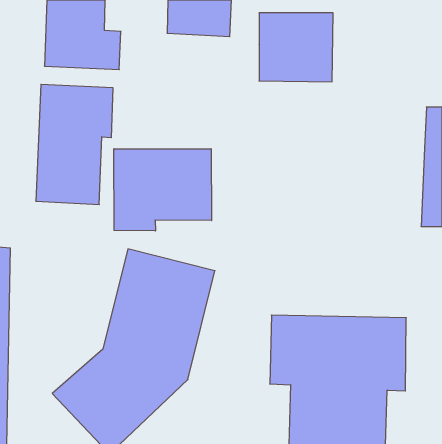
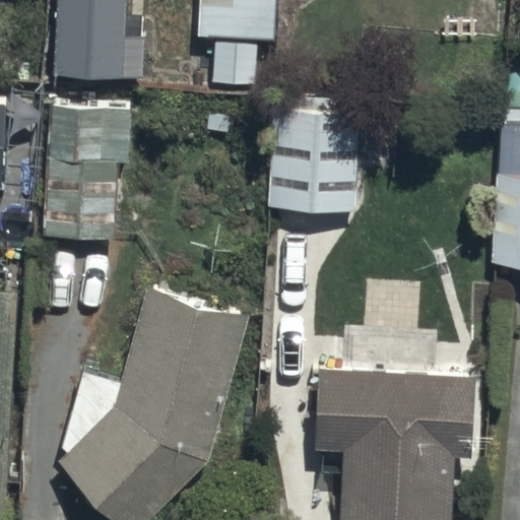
building: [259,13,333,82] -> [269,130,355,210]
building: [114,149,212,231] -> none

